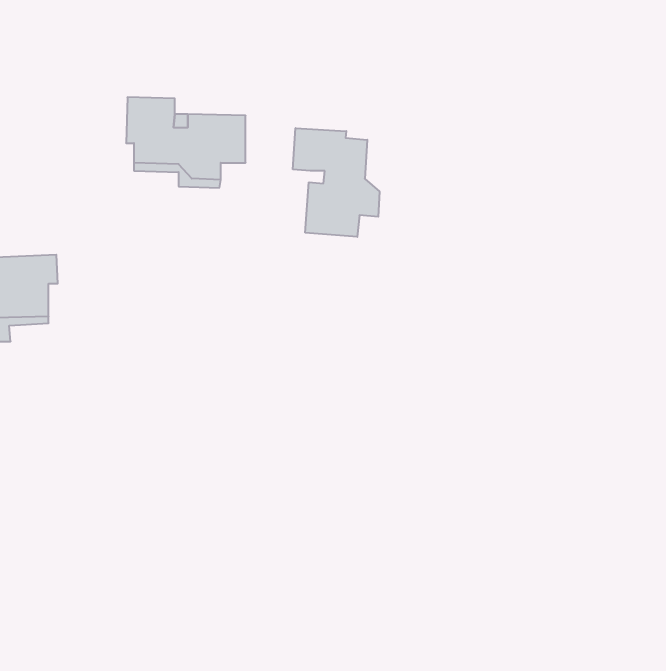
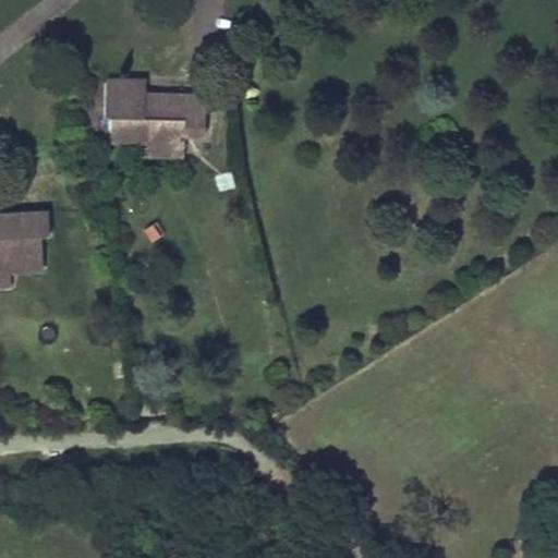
building: [293,128,379,237] -> none

